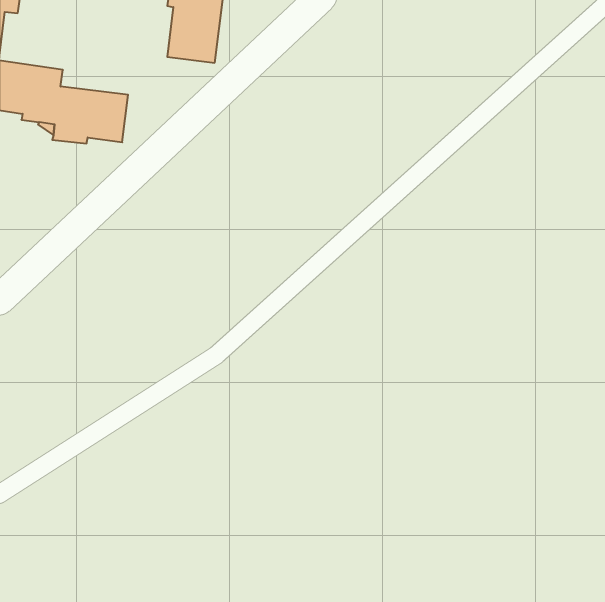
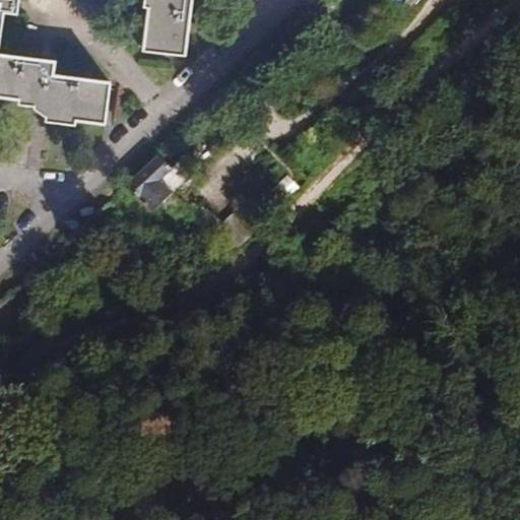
building: none -> [132,159,178,206]

